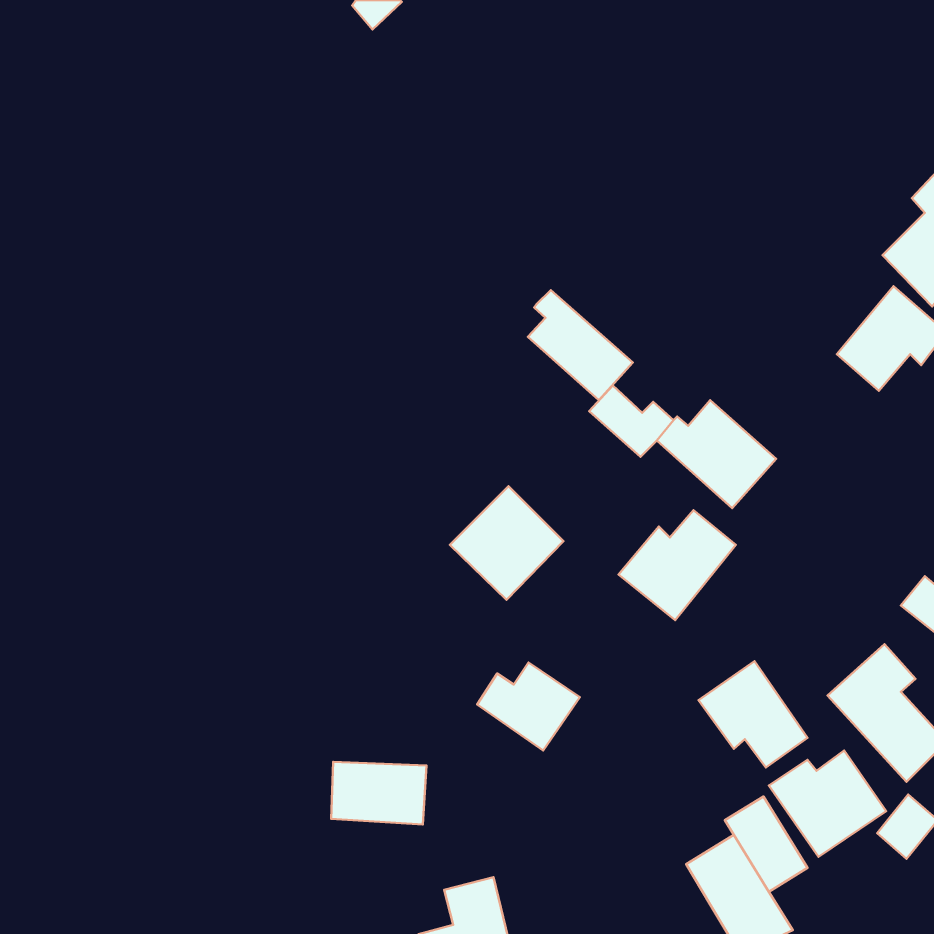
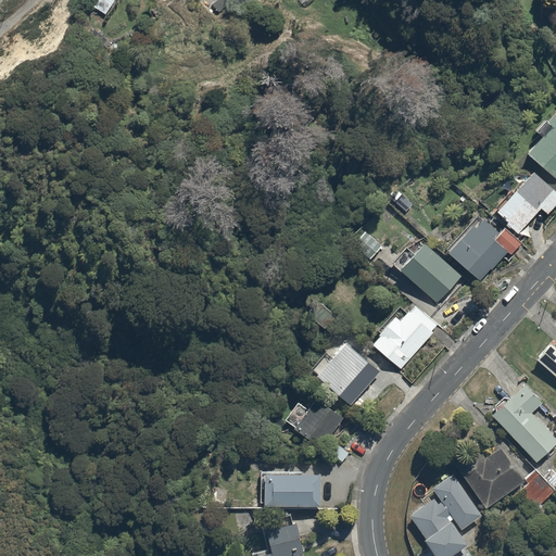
building: [528,290,633,400] -> none
building: none -> [447,212,520,283]
building: [450,486,563,600] -> [316,340,383,407]
building: [698,661,807,767] -> none
building: [331,762,427,824] -> [264,472,320,509]

